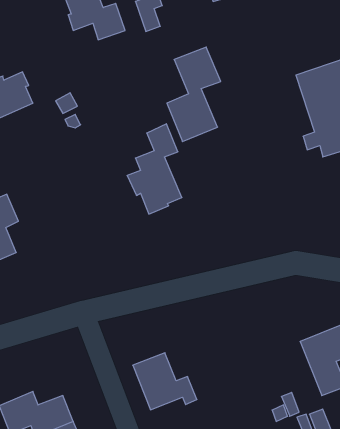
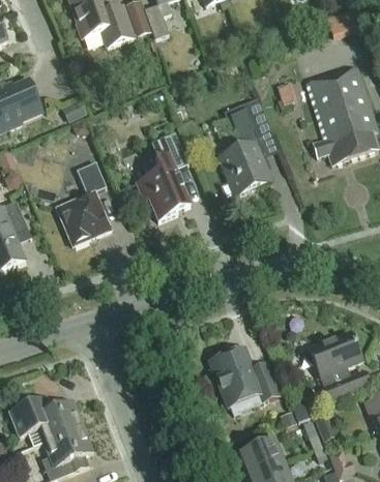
building: [167,47,221,142] -> [220,99,273,193]
building: none -> [56,160,111,244]
building: [133,353,197,410] -> [211,348,275,404]

